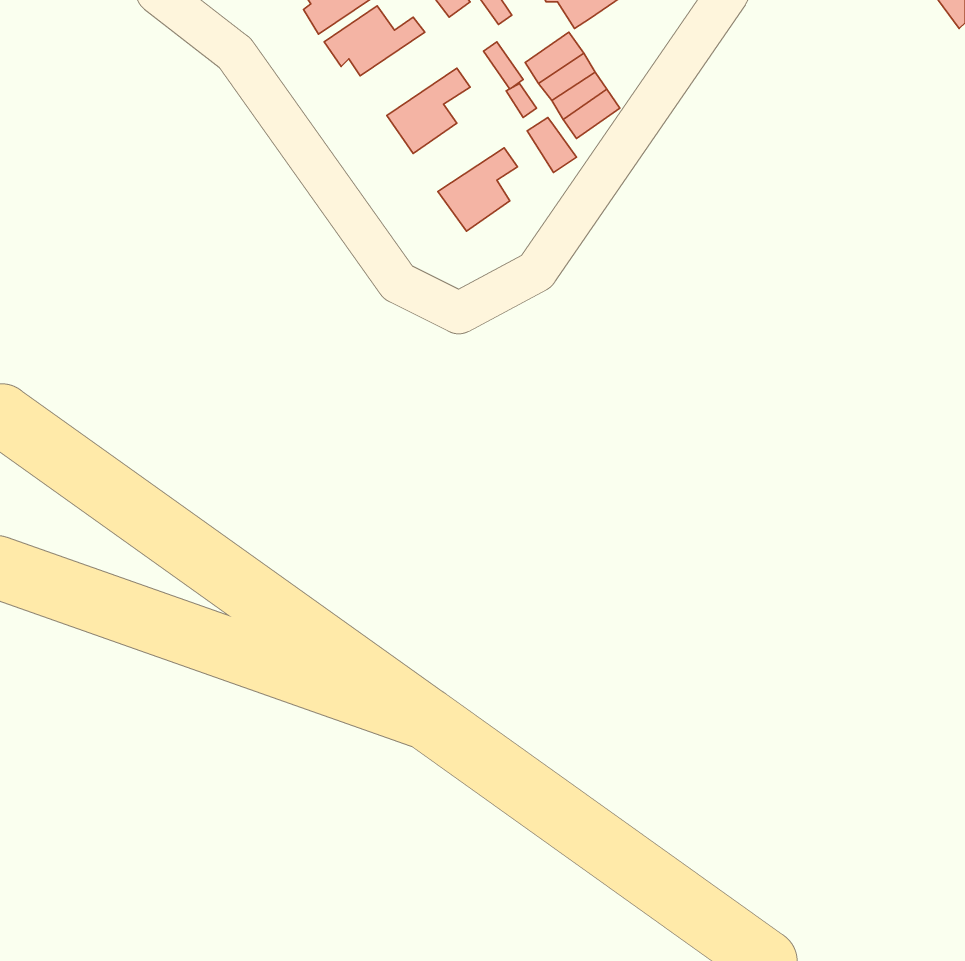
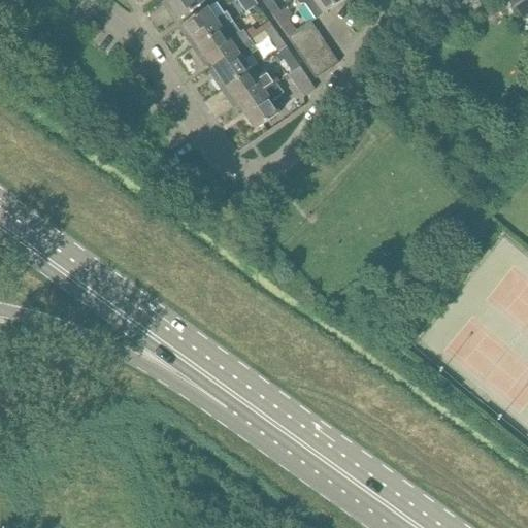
building: none -> [196,18,249,63]
building: none -> [225,67,274,104]

